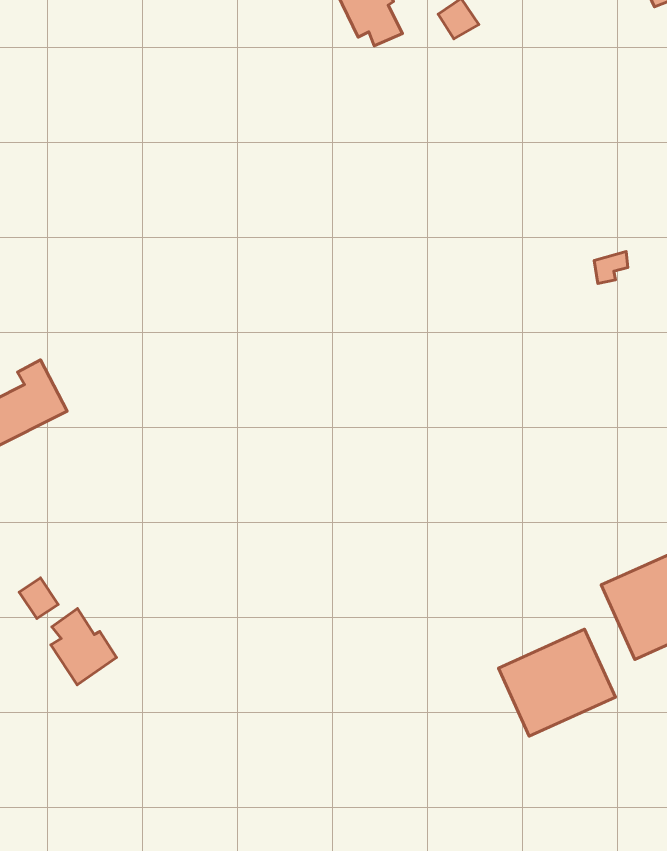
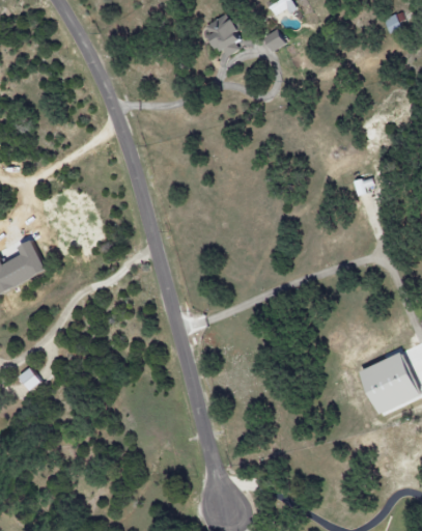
building: [51,609,117,685] -> none
building: [498,629,616,736] -> none

